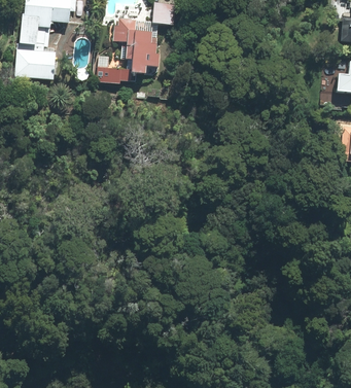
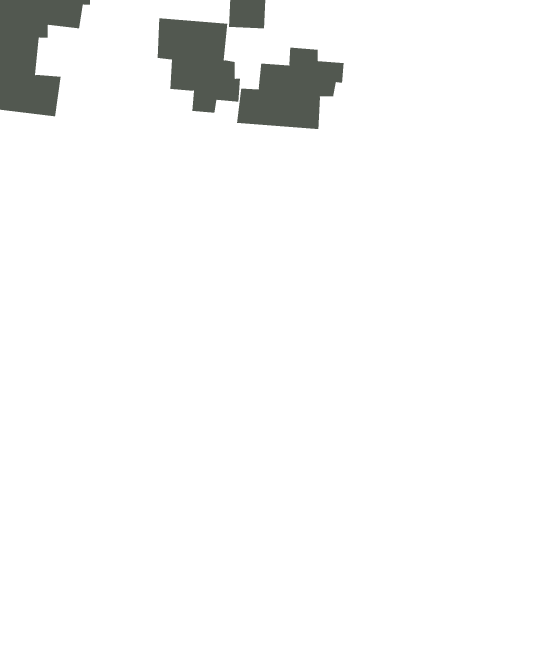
building: none -> [237,47,344,130]
building: [99,67,132,84] -> none

